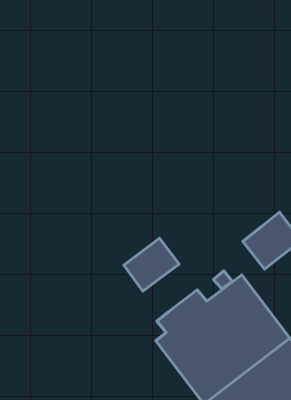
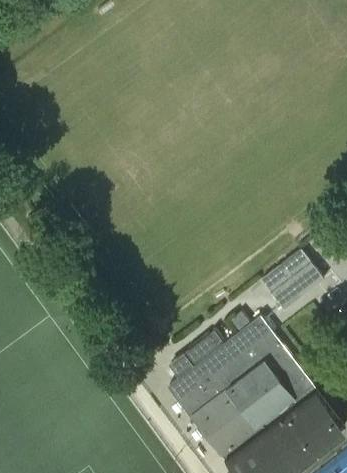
building: [124,238,179,291] -> none

